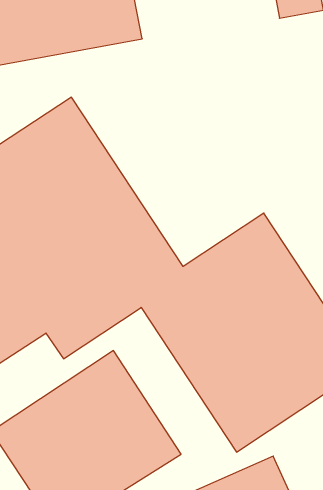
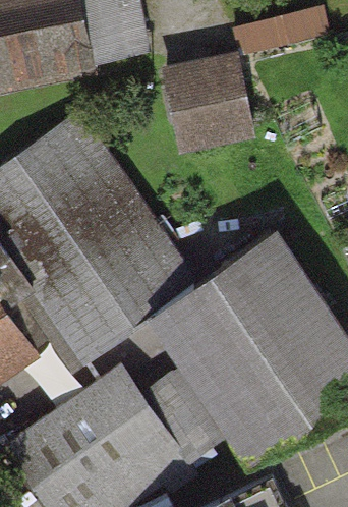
building: none -> [166,55,246,146]

